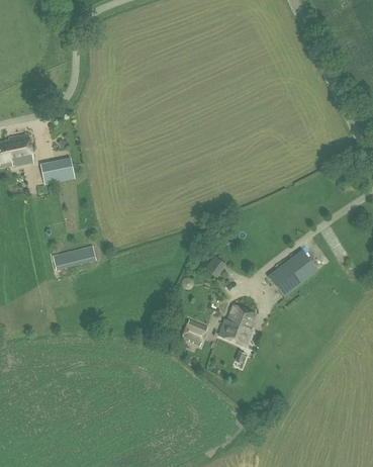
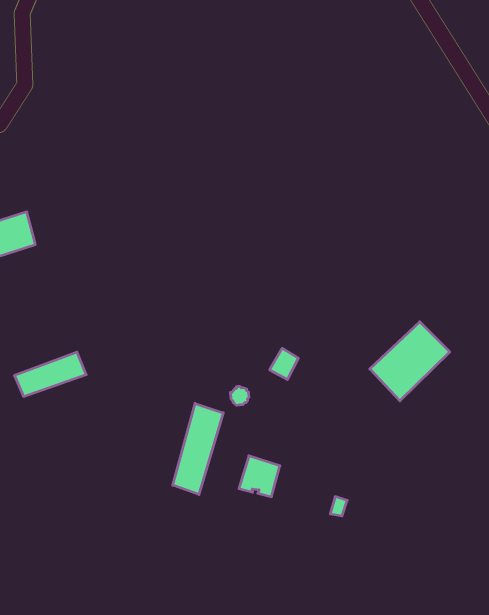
building: none -> [173,403,223,495]
building: [218,303,255,346] -> none

